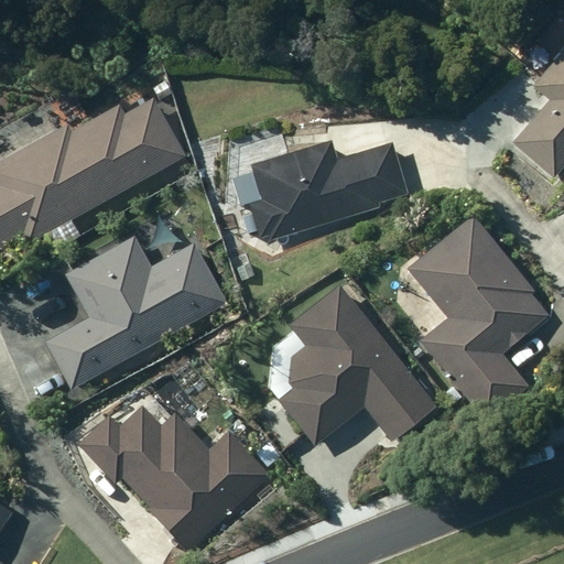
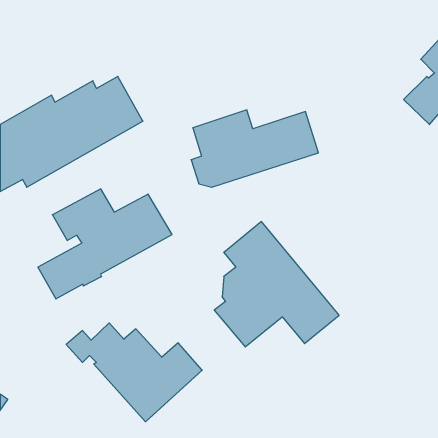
building: [405,214,550,420] -> none

